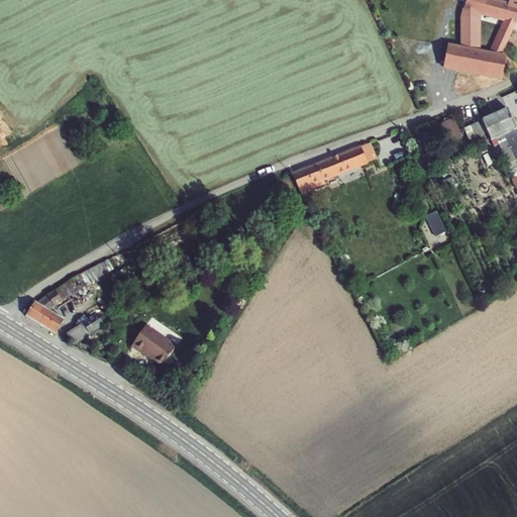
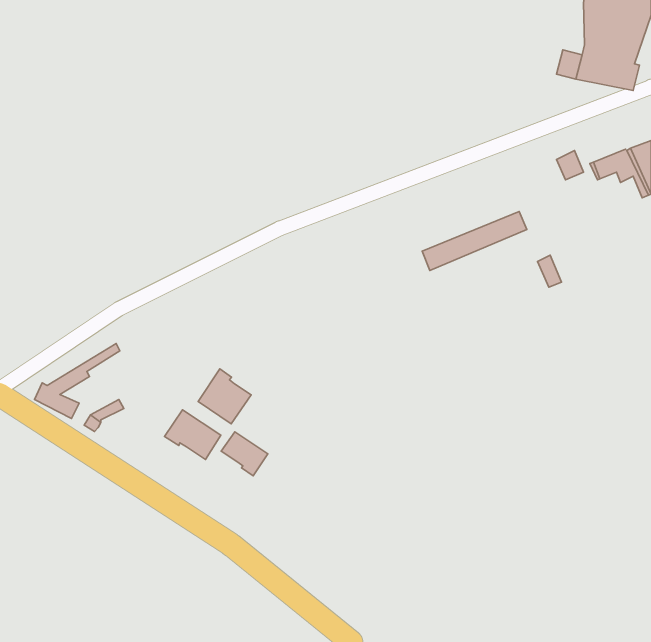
building: [292,145,375,192] -> [422,212,527,270]
building: none -> [198,369,251,424]
building: none -> [221,432,268,476]

